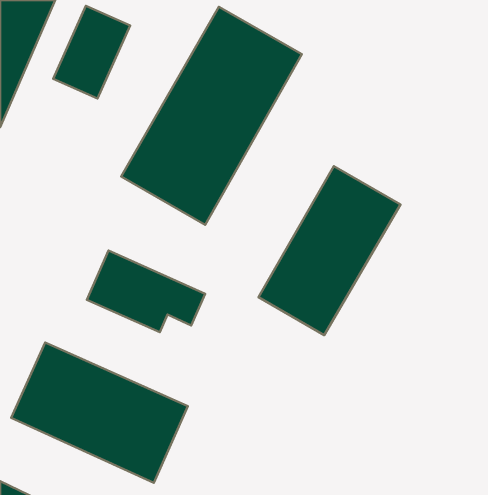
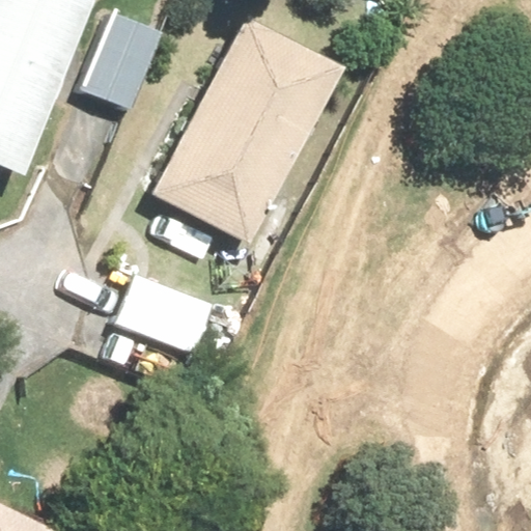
building: [259,166,400,335] -> none
building: [11,342,188,483] -> none

